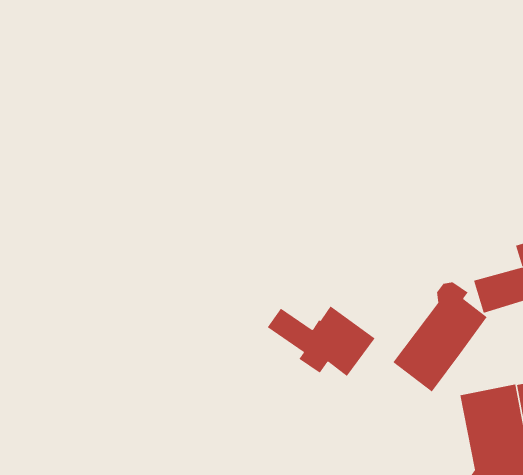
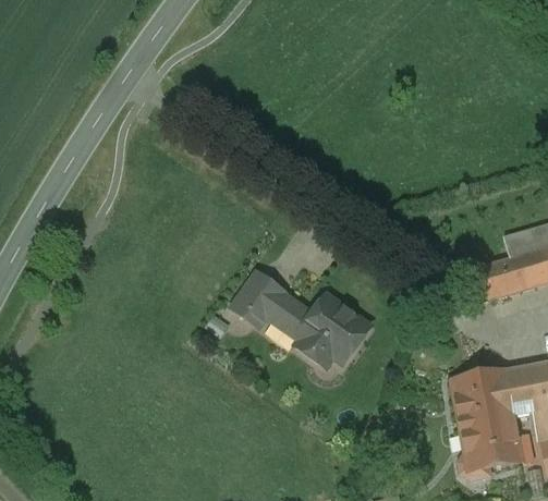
building: [393,281,488,393] -> none
building: none -> [235,272,282,320]

